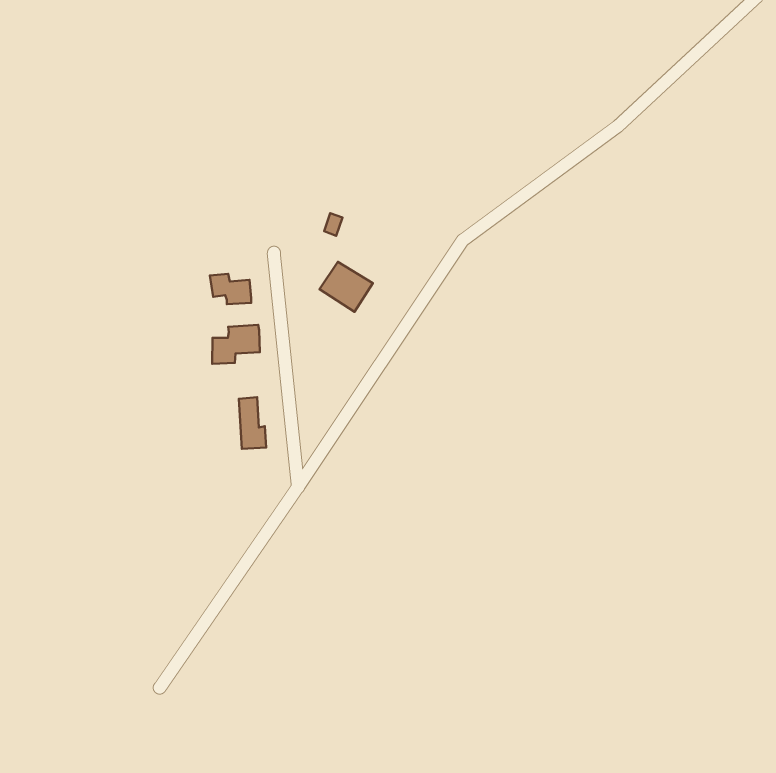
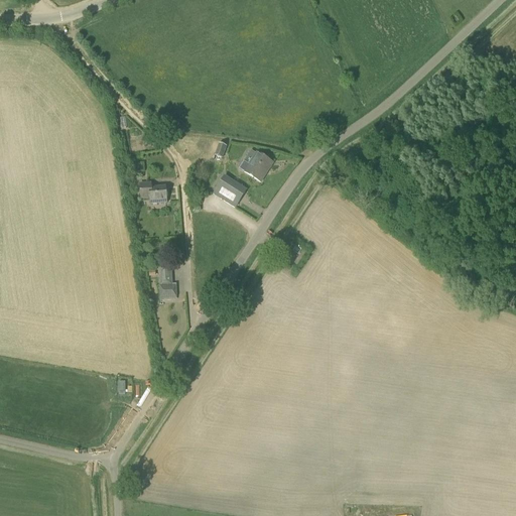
building: none -> [240,149,273,180]
building: [212,325,260,364] -> none

